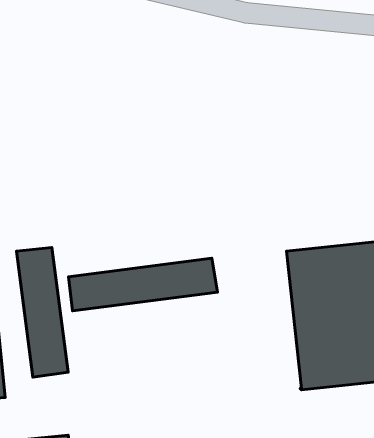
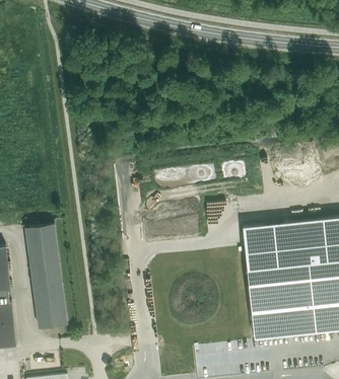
building: [69,258,217,311] -> none

